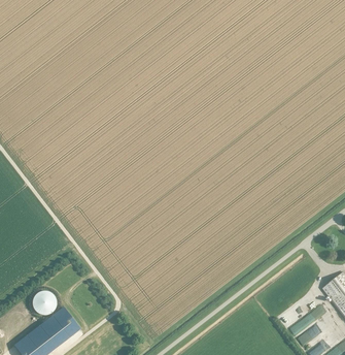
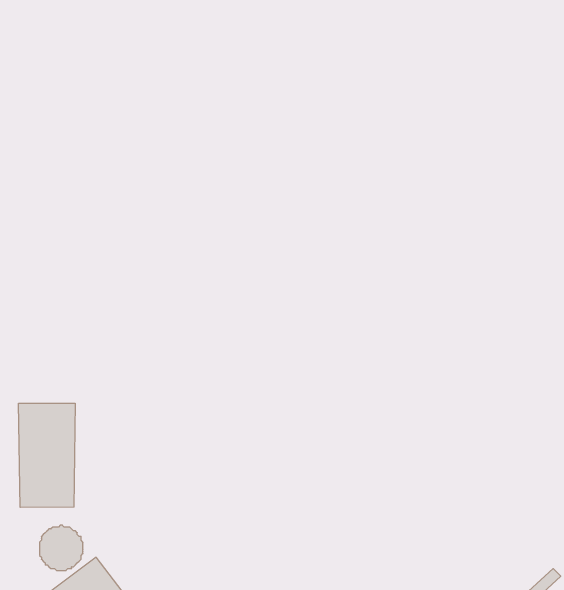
building: none -> [19,403,75,507]

